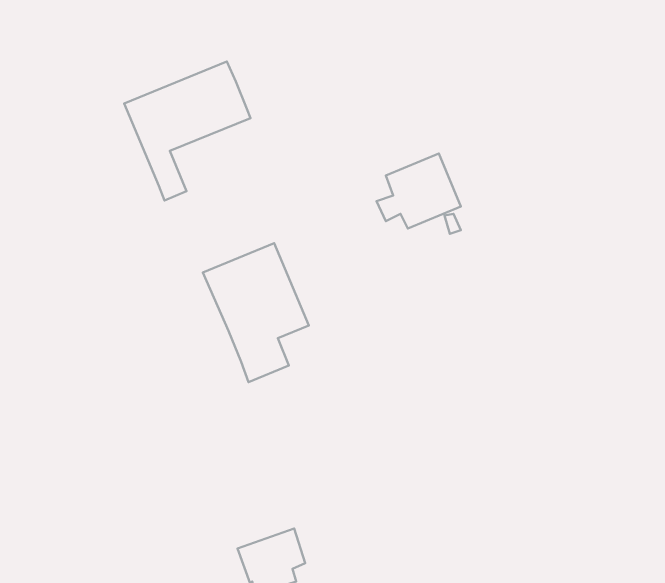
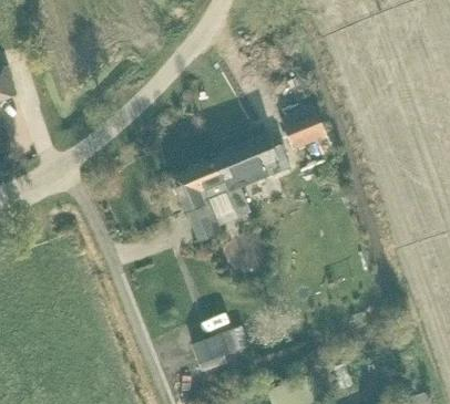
building: [124,61,251,200] -> [212,132,288,216]

